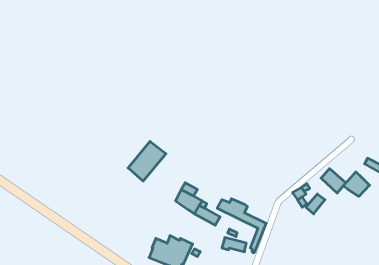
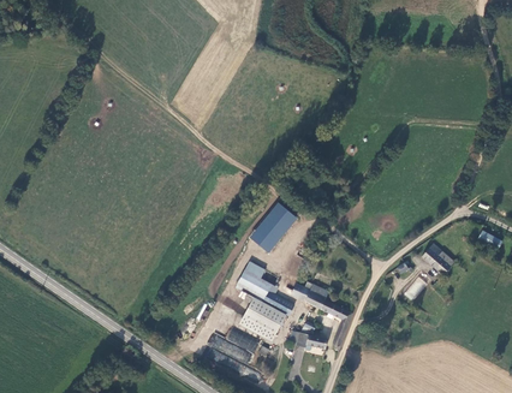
building: [128,141,166,181] -> [249,204,297,255]
building: [343,172,370,196] -> none
building: none -> [243,296,285,335]

